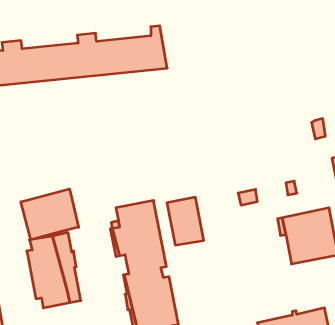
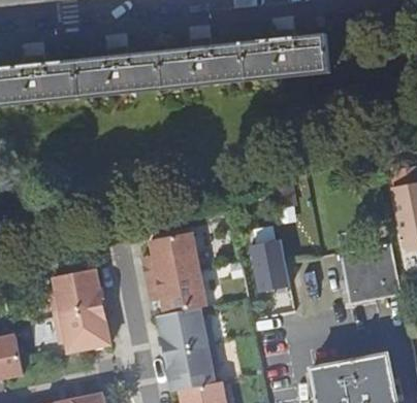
building: none -> [199,28,329,85]
building: [21,189,79,240] -> none
building: [167,197,204,245] -> [252,236,293,290]

